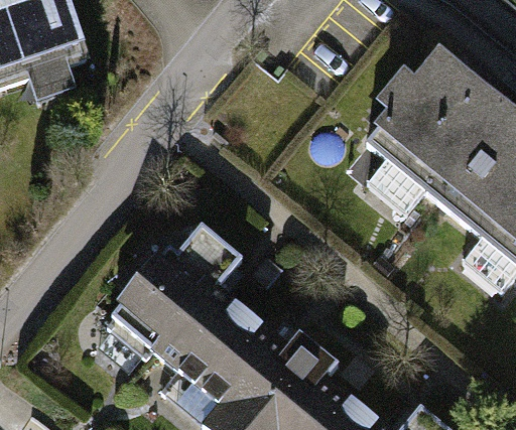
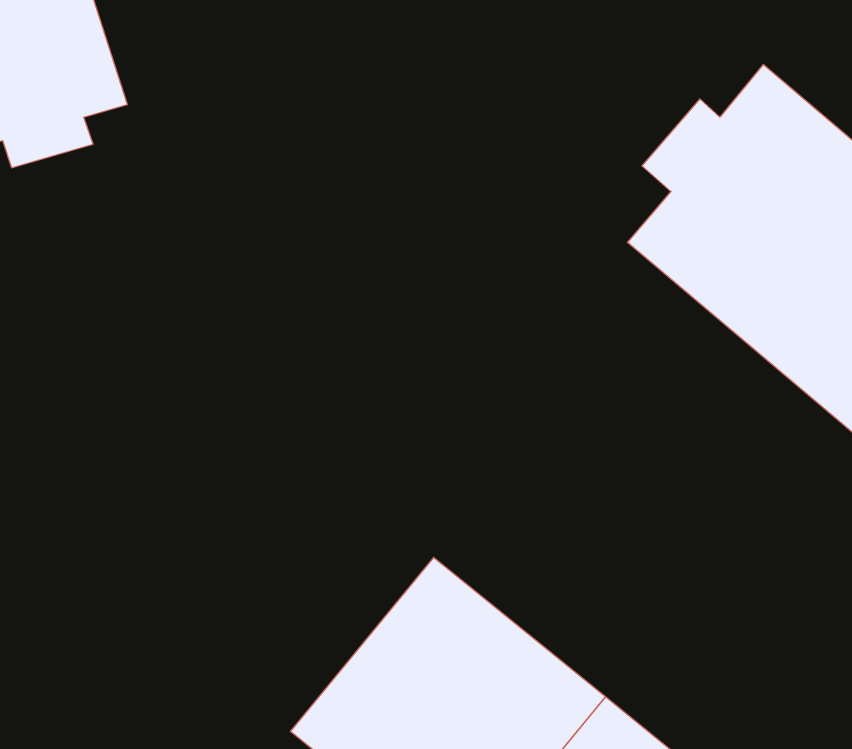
building: [92,244,262,415] -> none

